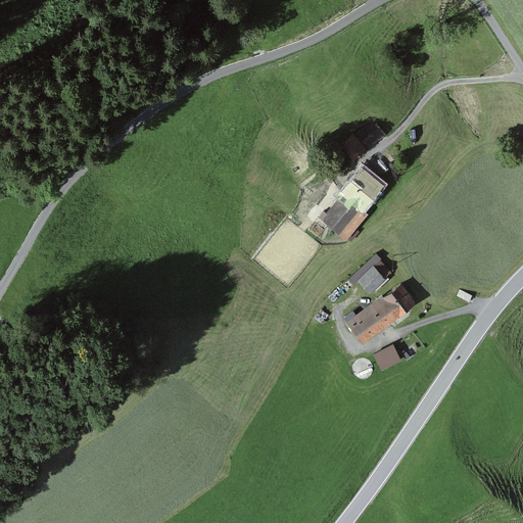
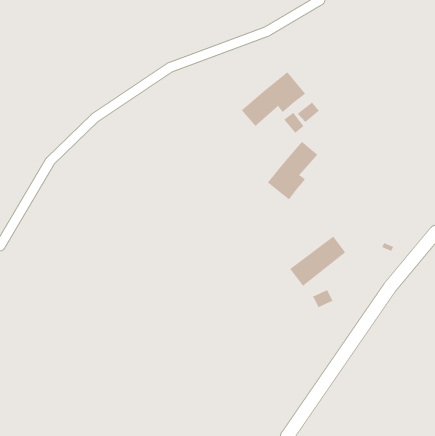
building: none -> [241,71,306,127]
building: [356,265,387,295] -> none

